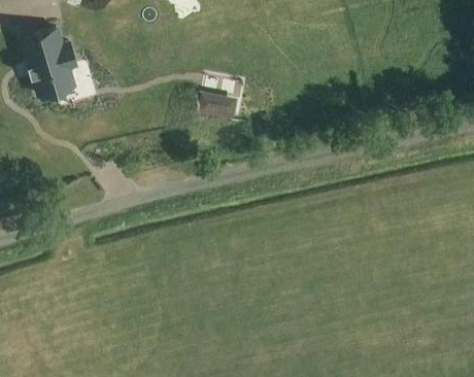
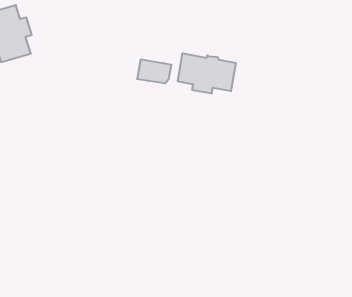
building: none -> [178,53,236,94]

